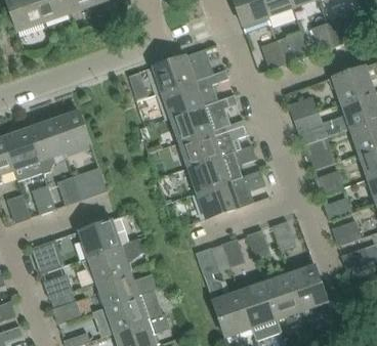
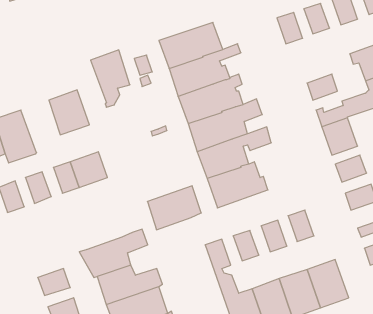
building: [27,120,62,172] -> [91,50,130,107]
building: [79,216,128,256] -> [147,186,201,230]
building: [31,239,62,273] -> none

